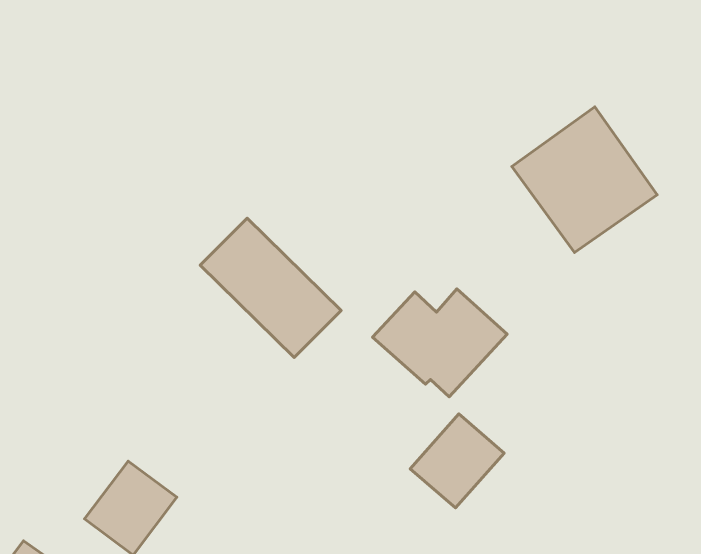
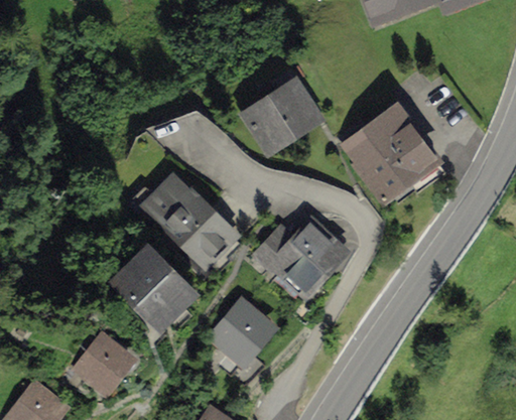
building: none -> [245,80,324,155]
building: none -> [110,247,189,325]
building: [410,414,504,508] -> [211,302,271,363]

